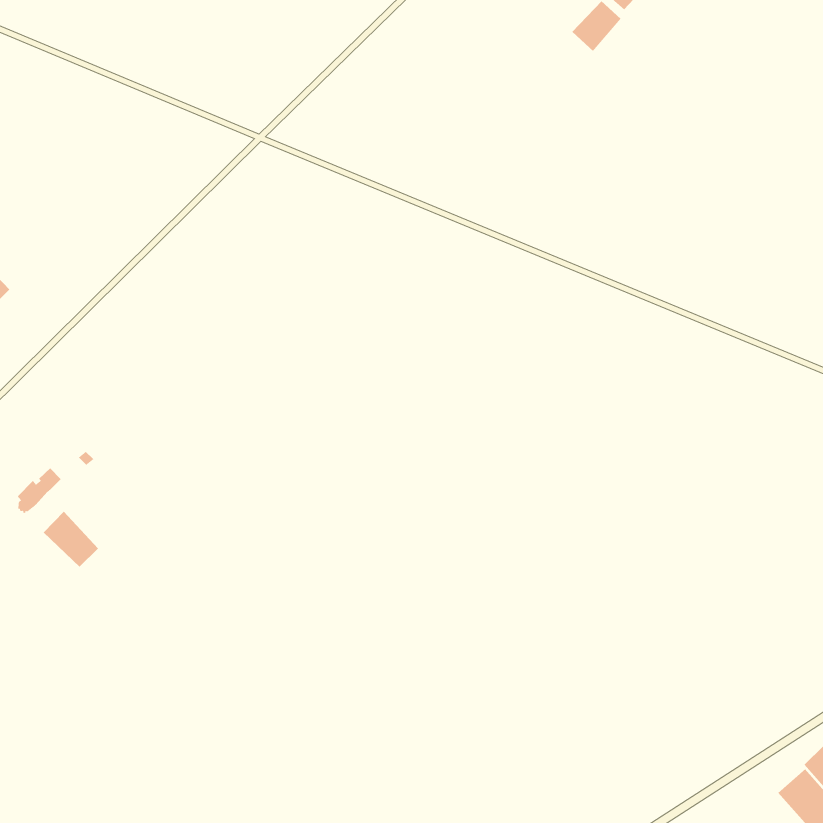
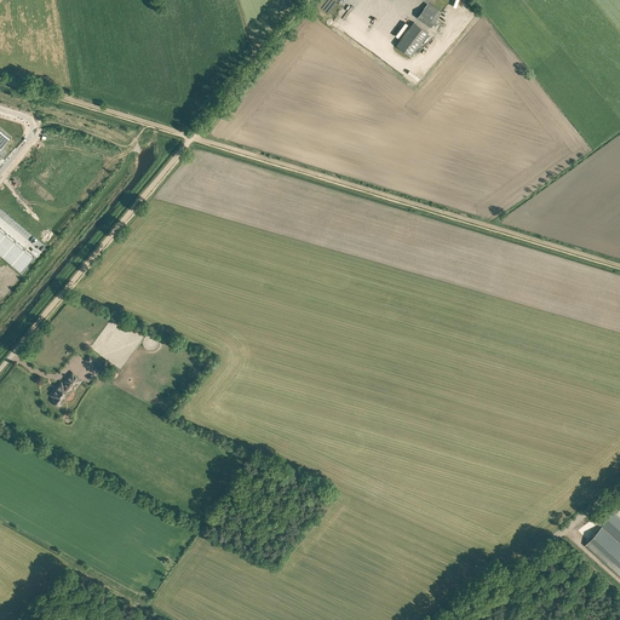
building: [43,511,99,568] -> none

